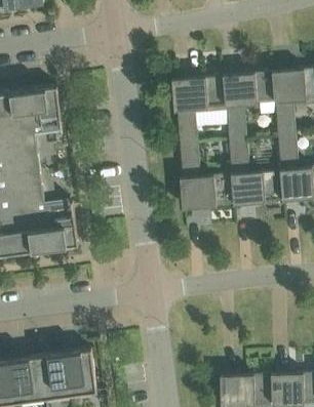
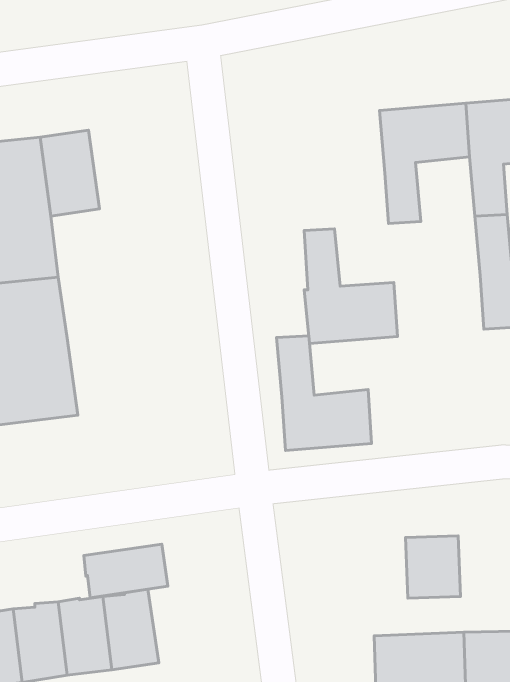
building: [172,76,227,145] -> none
building: [229,139,283,205] -> [276,336,372,451]
building: [45,203,79,250] -> none
building: none -> [406,536,461,598]
building: none -> [84,544,168,598]

